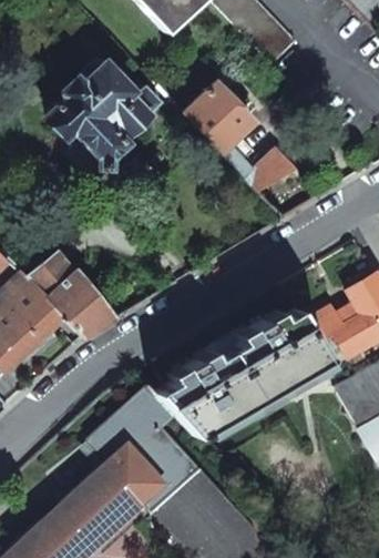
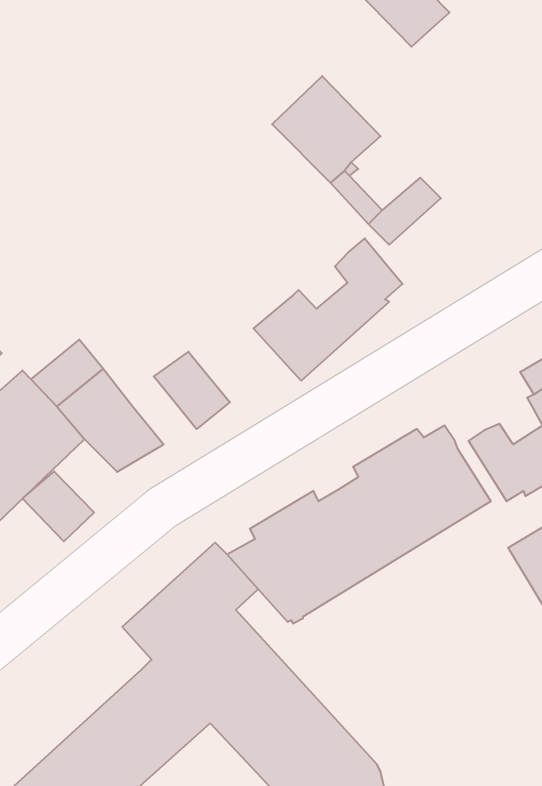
building: [51,62,163,170] -> none
building: none -> [253,238,403,381]
building: none -> [154,352,230,429]
building: none -> [23,471,94,541]

